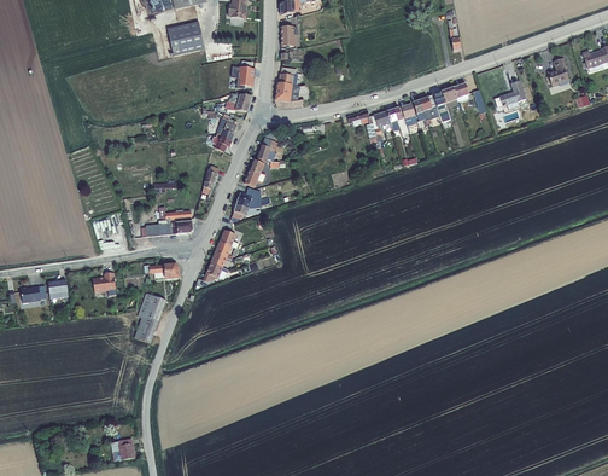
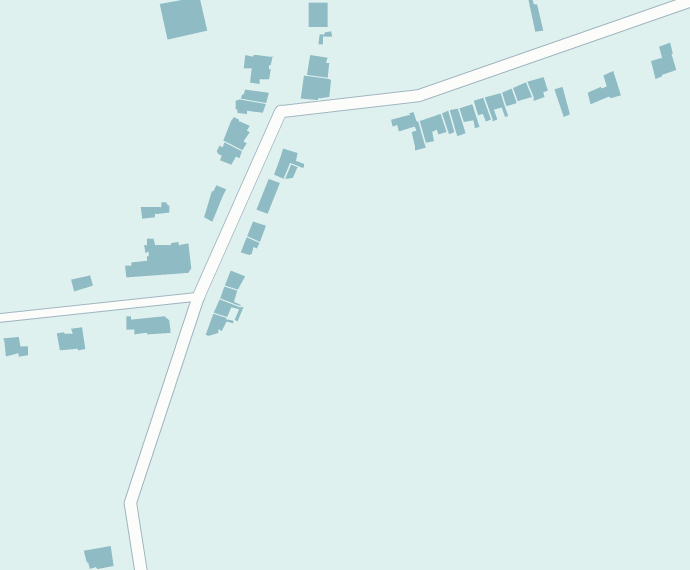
building: [134,294,165,346] -> none

